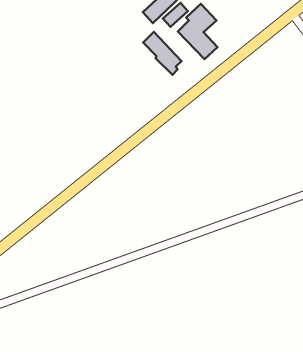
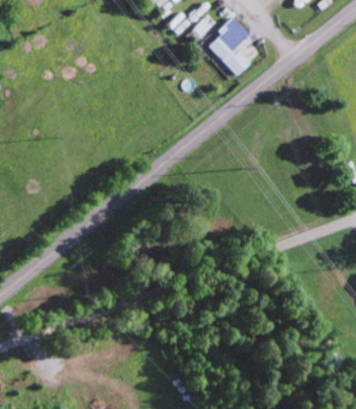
building: [143,32,182,75] -> none

